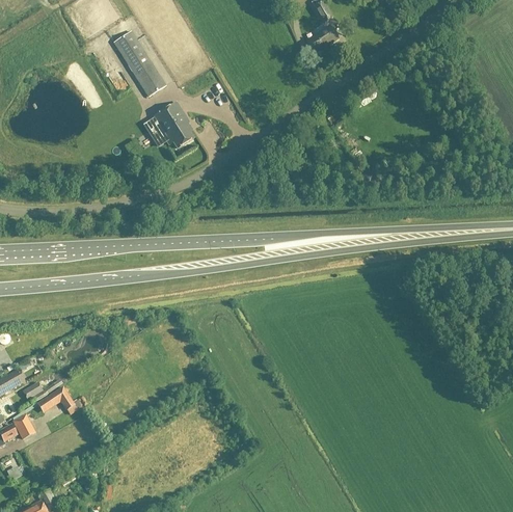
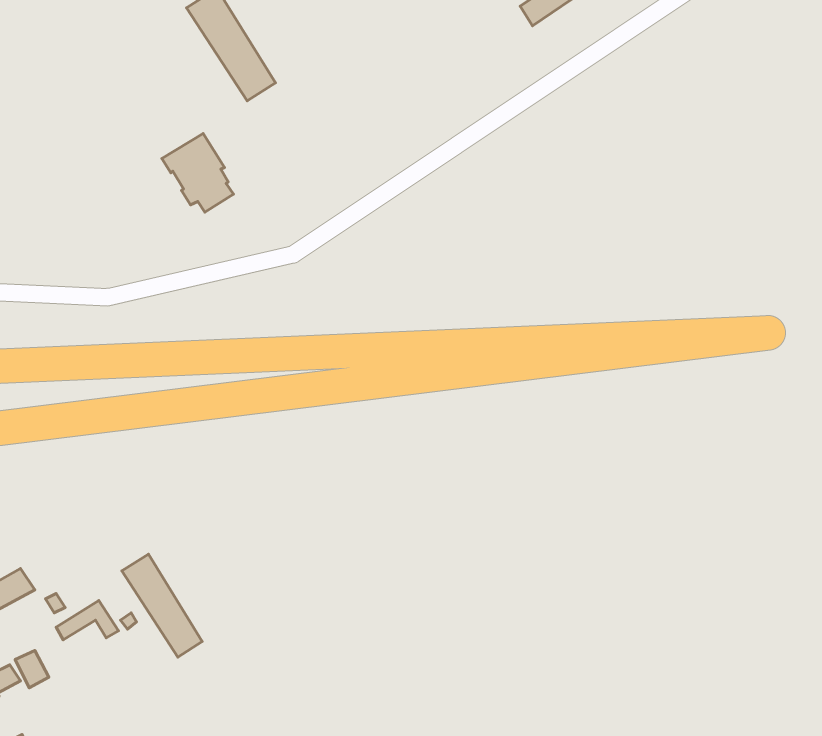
building: [151,102,192,147] -> [162,134,233,212]
building: none -> [122,554,202,657]

